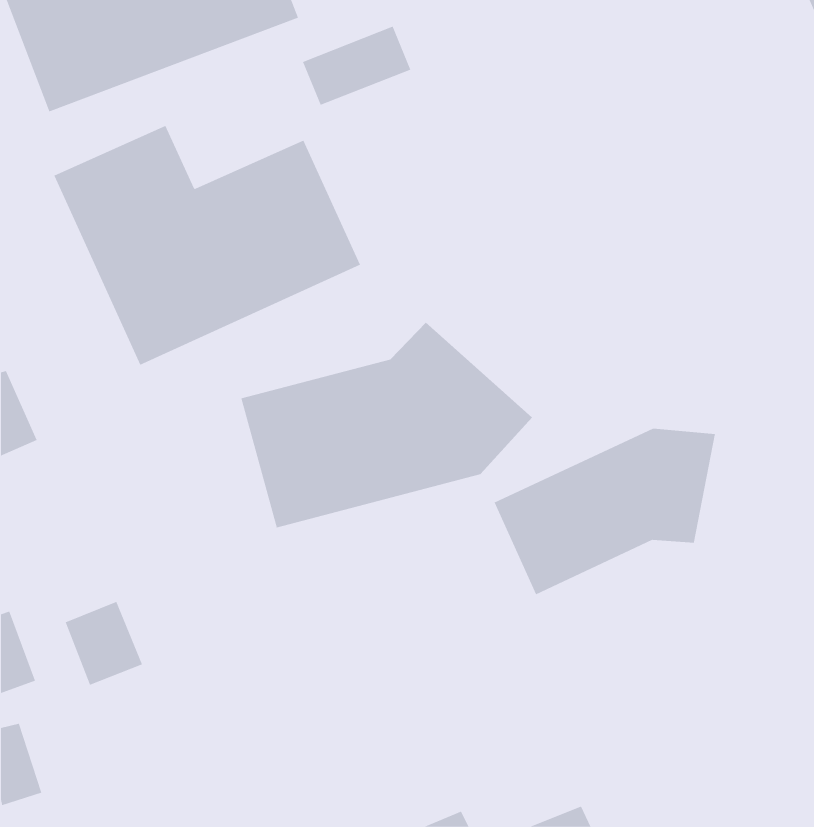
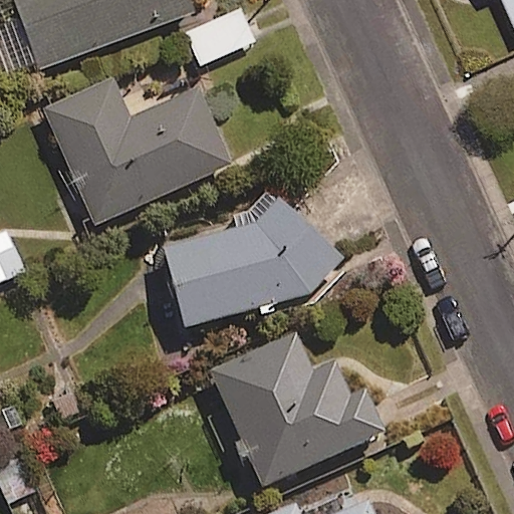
building: [494,428,715,595] -> none
building: none -> [206,329,382,487]

